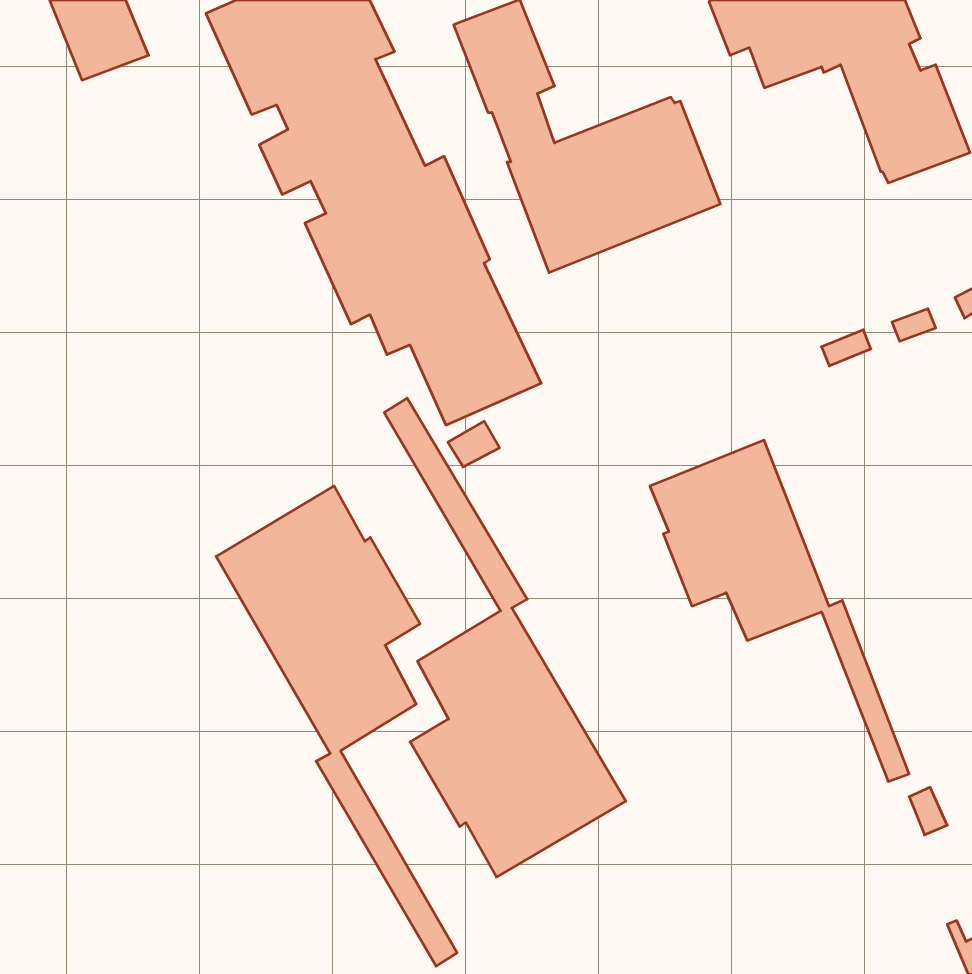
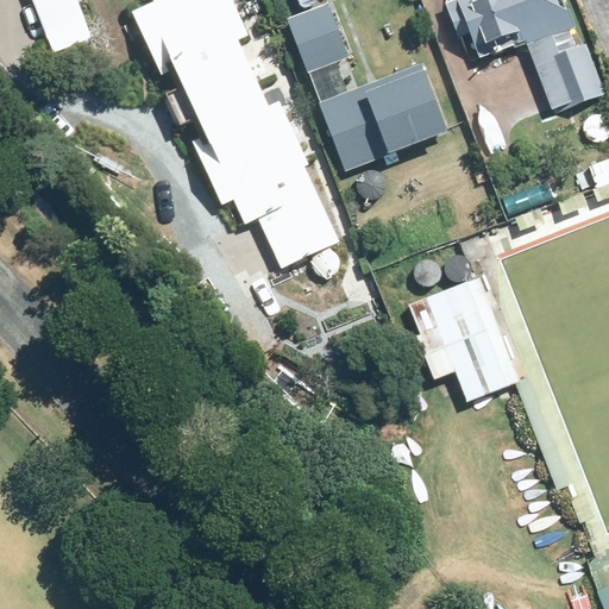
building: [384,398,626,877] -> none
building: [216,486,457,966] -> none

